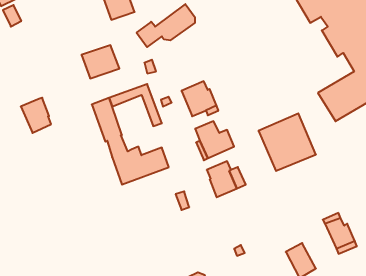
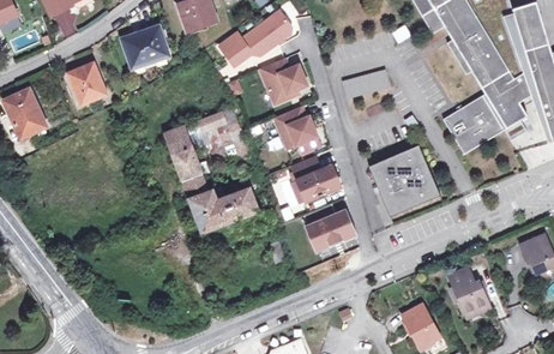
building: none -> [260,58,308,103]
building: [81,45,119,78] -> [122,28,169,68]
building: none -> [342,70,390,100]
building: [21,98,51,133] -> [67,62,104,106]

